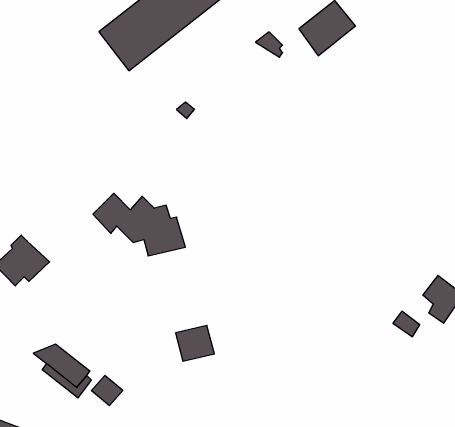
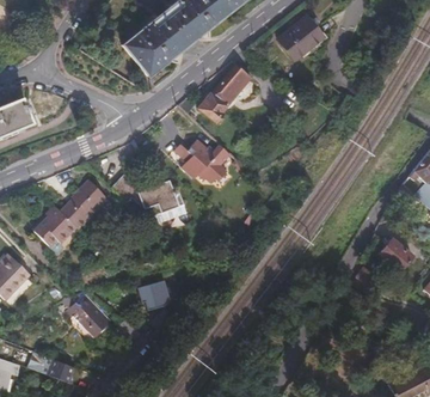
building: none -> [199,68,254,126]
building: none -> [178,142,232,184]
building: none -> [63,178,112,231]
building: [176,325,214,361] -> [143,280,174,309]

